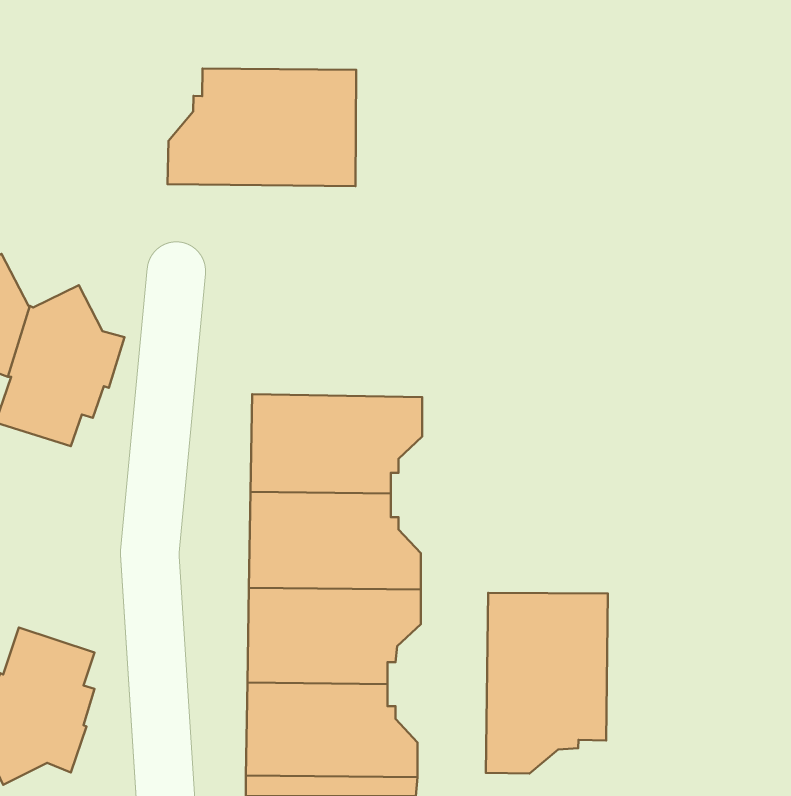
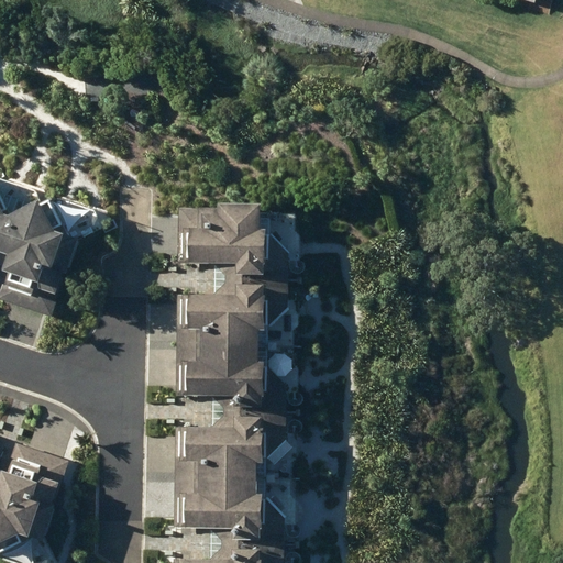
building: [168,68,356,186] -> none
building: none -> [176,203,295,277]
building: [486,593,608,774] -> none

